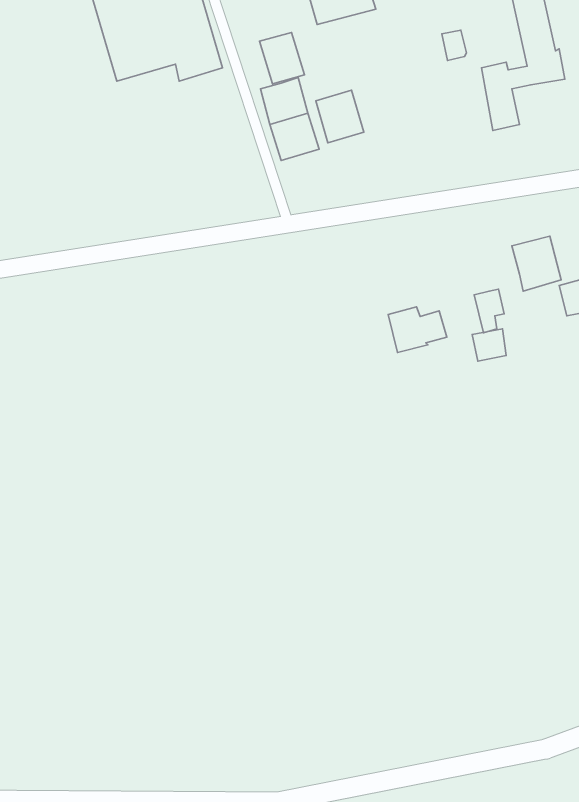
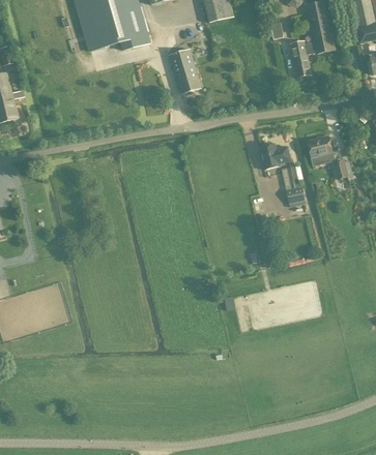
building: [260,32,304,84] -> none
building: [316,90,364,143] -> none
building: [388,307,447,352] -> [260,143,292,168]

